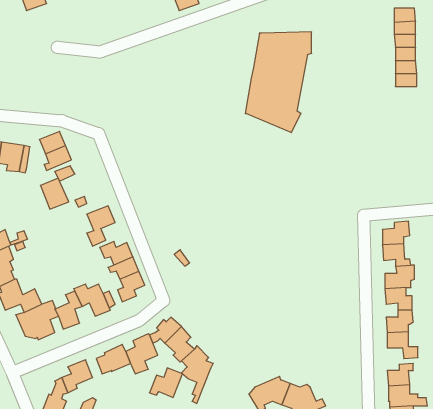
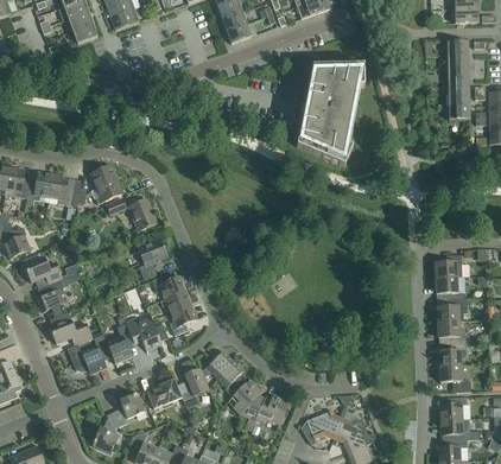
building: [40,178,69,209] -> [128,198,157,229]
building: [149,368,183,398] -> [255,394,288,424]

